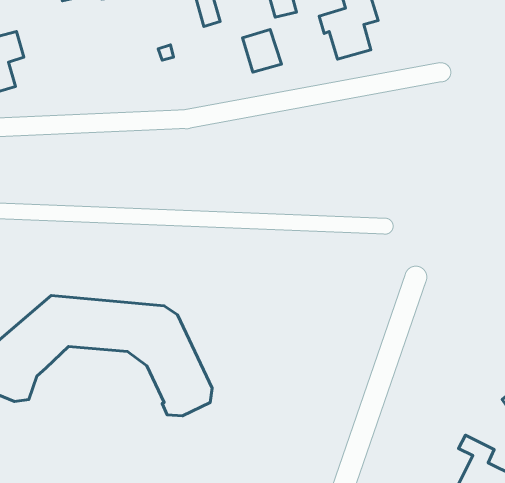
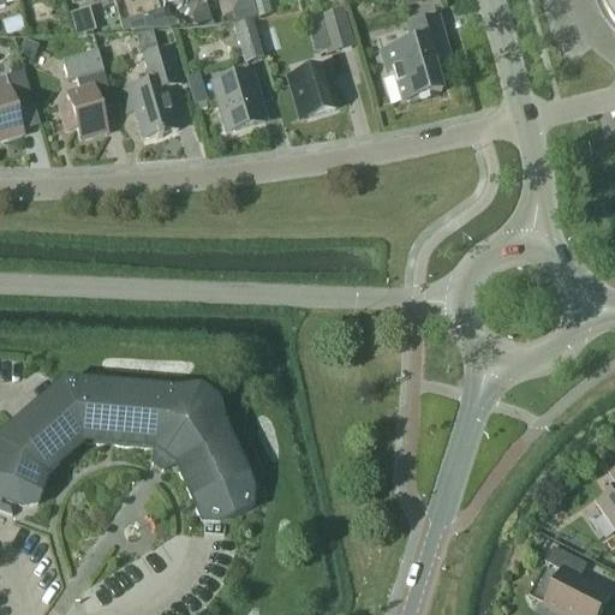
building: none -> [123,43,181,135]
building: none -> [59,46,112,136]
building: none -> [211,68,264,126]

